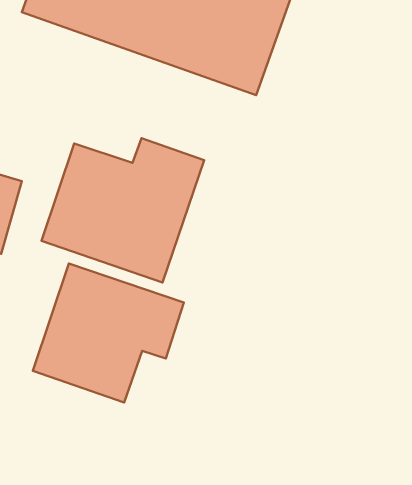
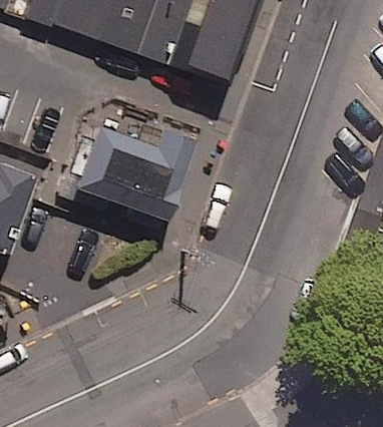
building: [33,264,184,403] -> none

